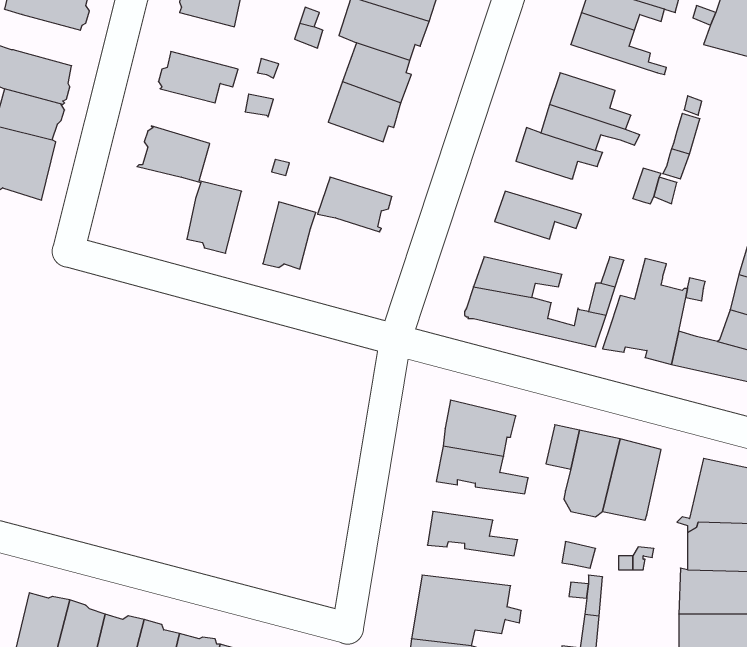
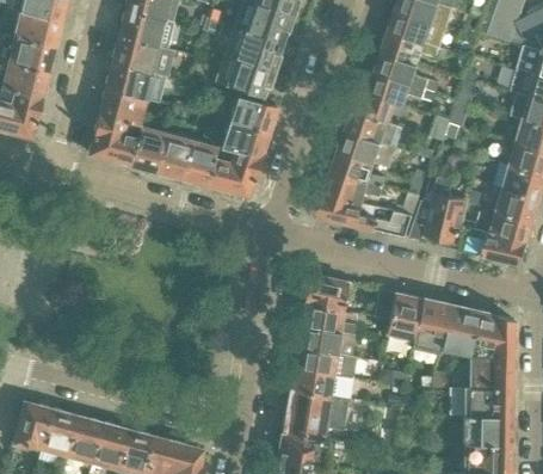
building: none -> [119,11,167,49]
building: none -> [12,12,58,47]
building: none -> [382,32,448,63]
building: none -> [105,62,152,99]
building: none -> [227,93,276,135]
building: none -> [345,111,400,147]
building: none -> [87,115,136,164]
building: none -> [156,131,192,180]
building: none -> [206,149,260,195]
building: none -> [331,152,385,187]
building: none -> [440,306,479,355]
building: none -> [296,326,358,356]
building: none -> [289,368,351,398]

